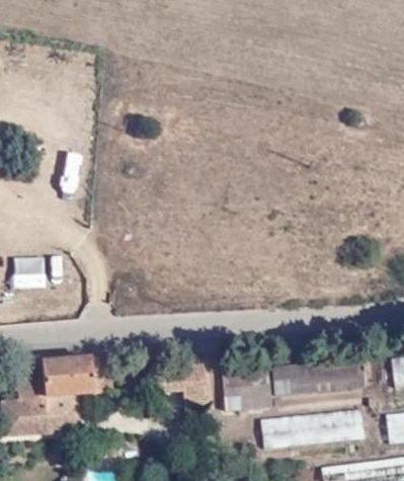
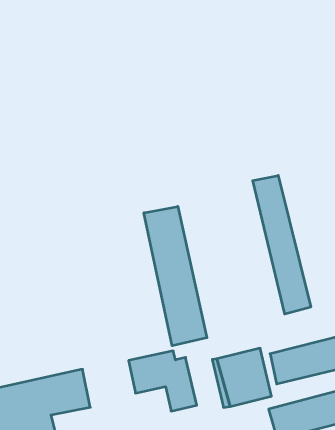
building: none -> [253,175,311,314]
building: none -> [144,206,207,346]

